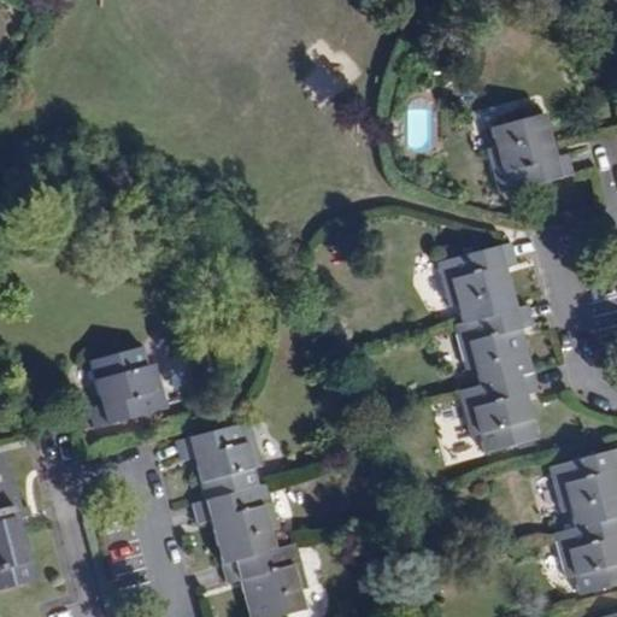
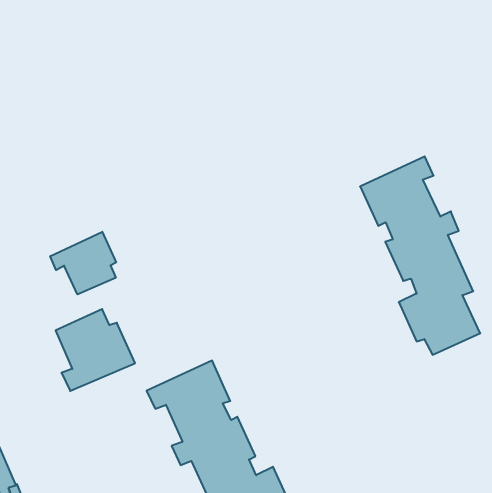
building: [487,112,574,194] -> none
building: none -> [50,232,116,294]

